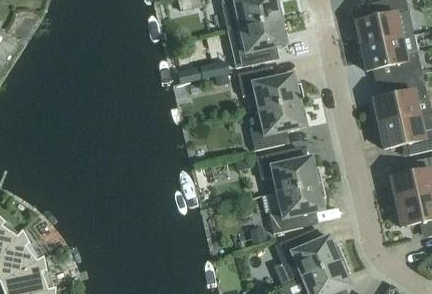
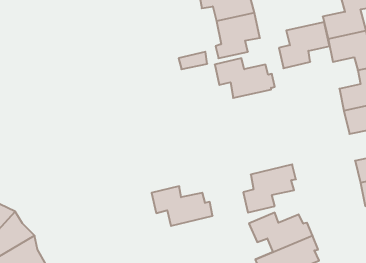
building: [249,100,304,150] -> [279,22,330,68]
building: [255,149,321,192] -> [152,186,213,226]

